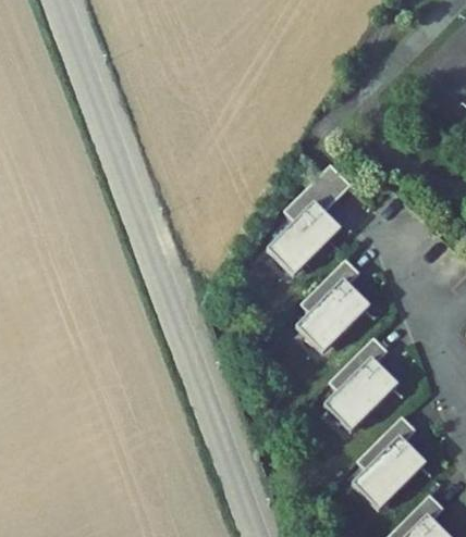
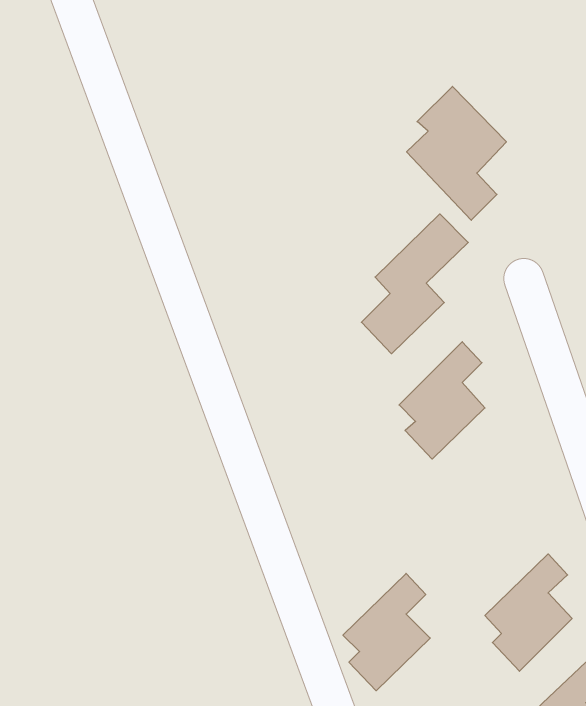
building: none -> [407,86,506,220]
building: [330,339,393,424] -> [343,573,430,691]

